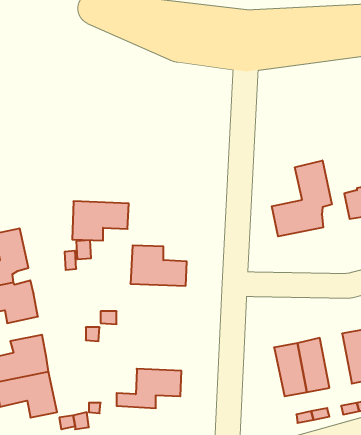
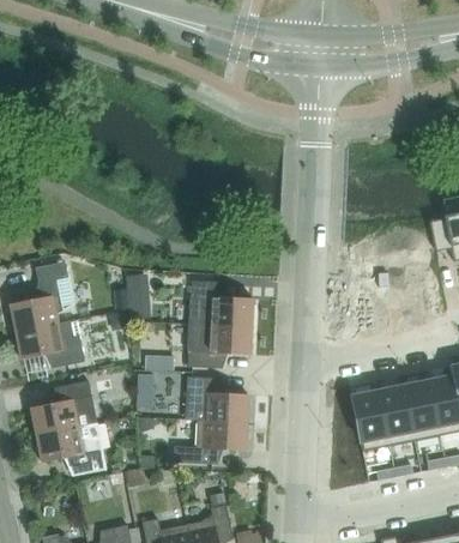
building: [272,160,332,236] -> none
building: [72,201,129,241] -> [188,324,252,368]
building: none -> [186,376,248,422]
building: none -> [403,380,439,441]

